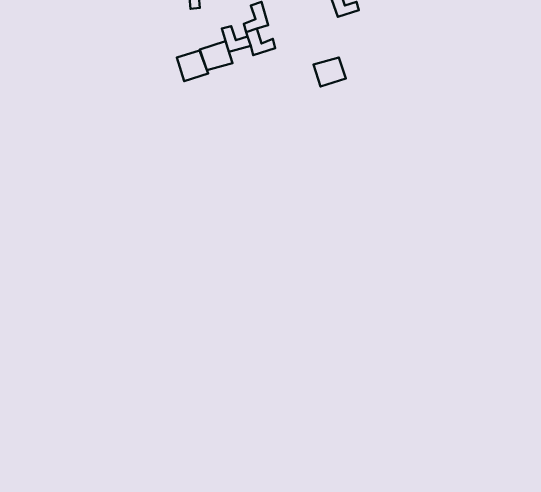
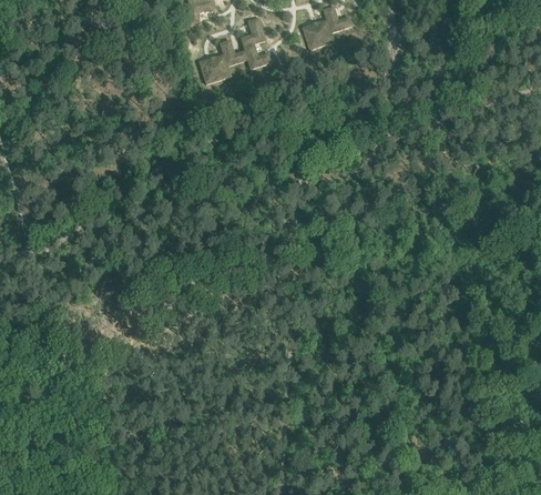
building: [177,51,208,81] -> none
building: [313,58,346,87] -> [303,21,334,49]

